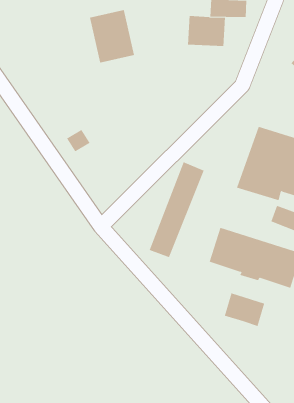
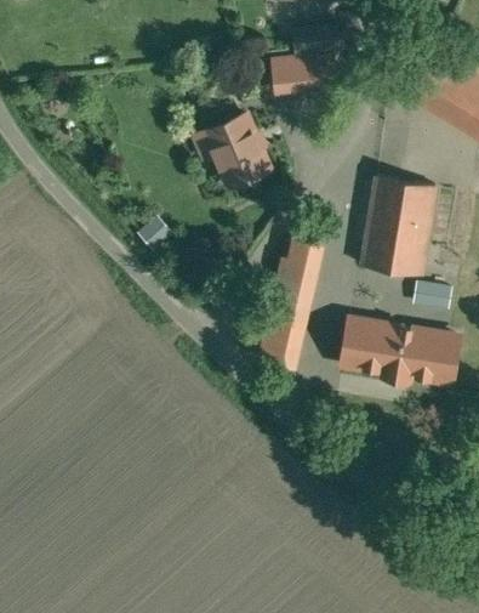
building: [89,10,135,63] -> [201,114,267,187]
building: [224,293,265,327] -> none

